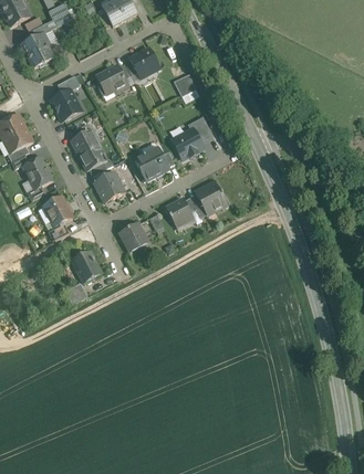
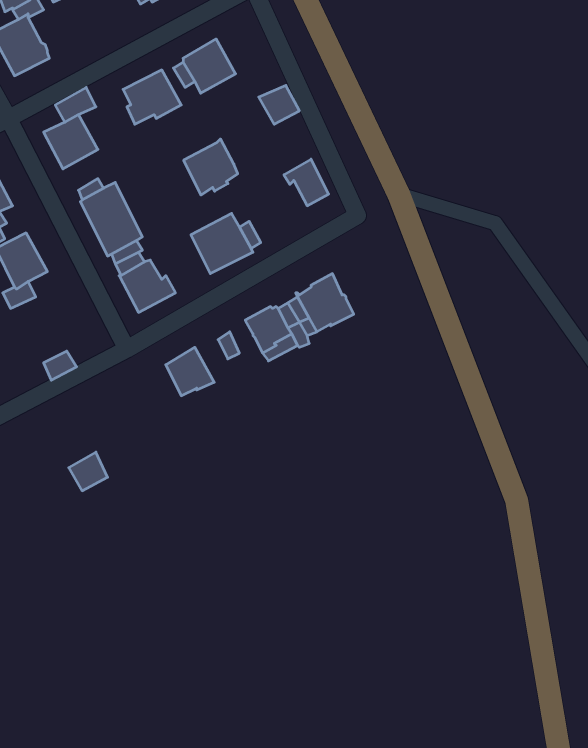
building: [171,127,202,159] -> [184,139,238,195]
building: [43,196,72,225] -> none
building: [71,251,101,282] -> none

